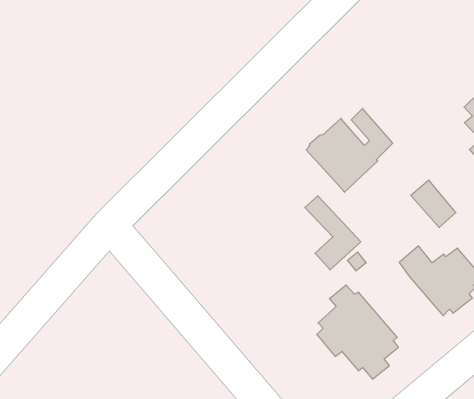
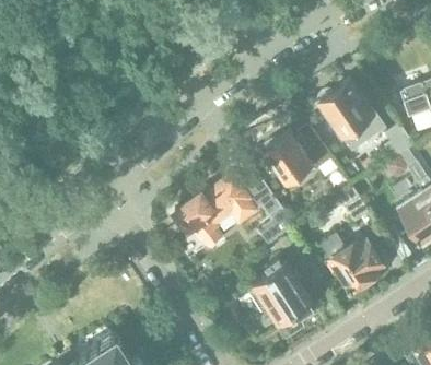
building: none -> [318,80,386,153]
building: none -> [174,177,257,249]

